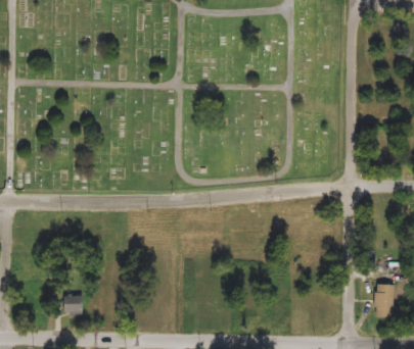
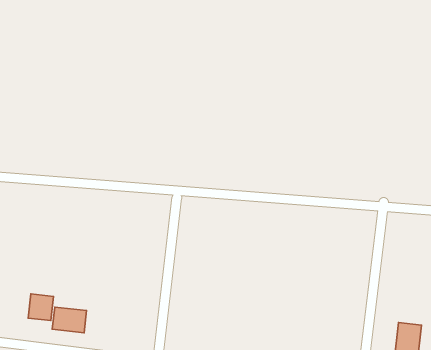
building: none -> [52,307,86,333]

